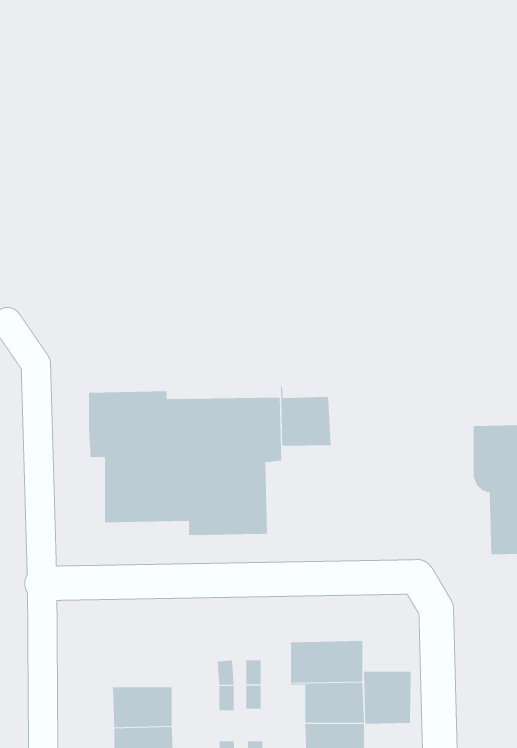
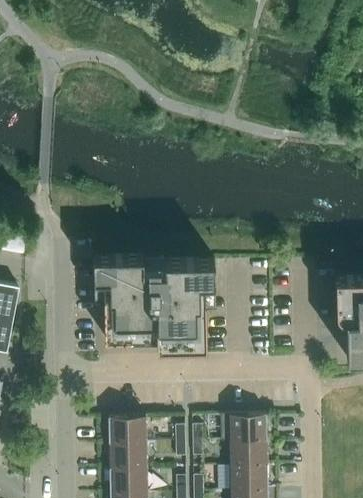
building: [281,386,331,446] -> none
building: none -> [108,416,146,442]
building: [364,671,411,724] -> none

